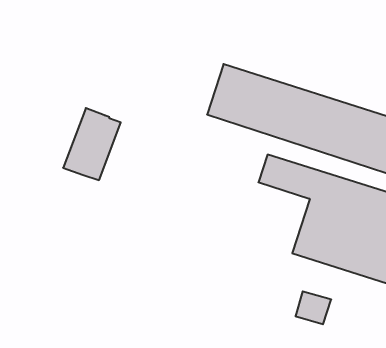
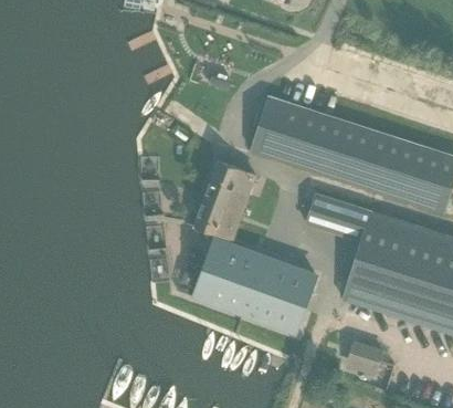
building: [63,108,121,180] -> [194,161,256,239]
building: none -> [194,242,312,327]

